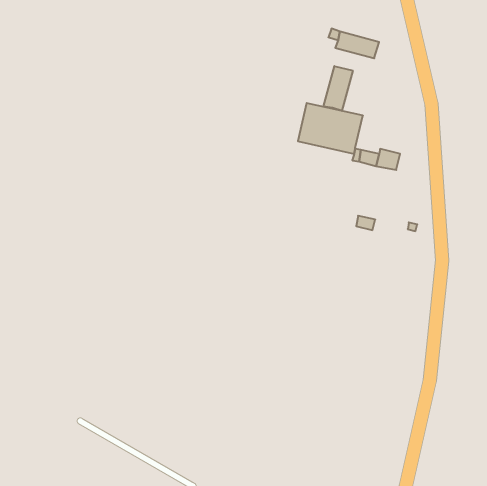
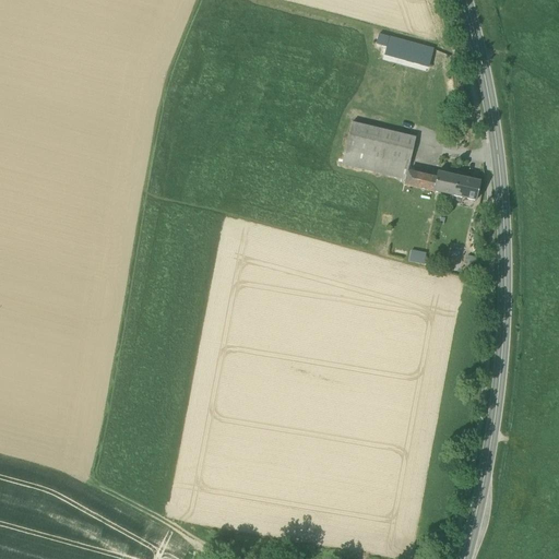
building: [324,66,353,111] -> none
building: none -> [454,176,481,200]

